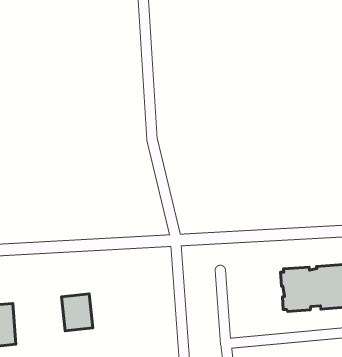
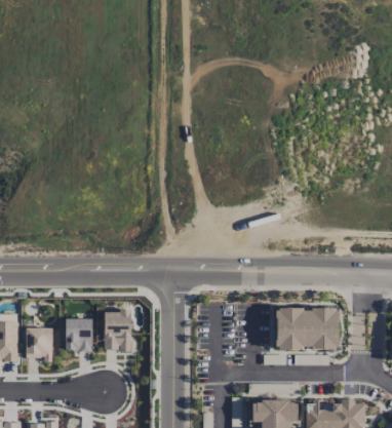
building: none -> [103,310,131,351]
building: none -> [26,327,52,362]

